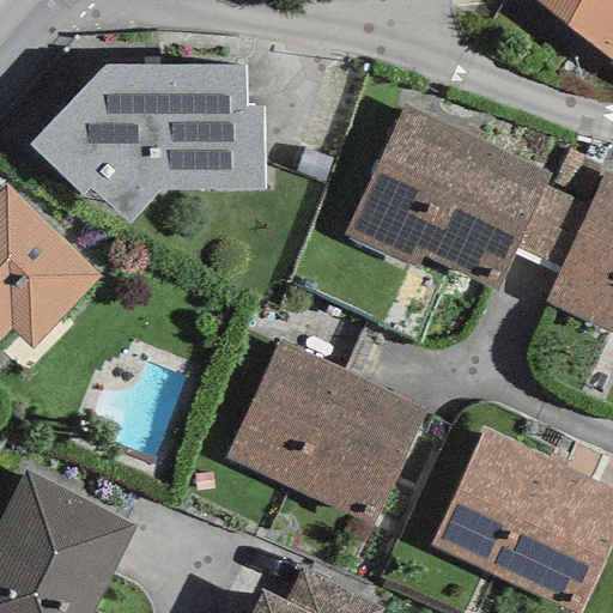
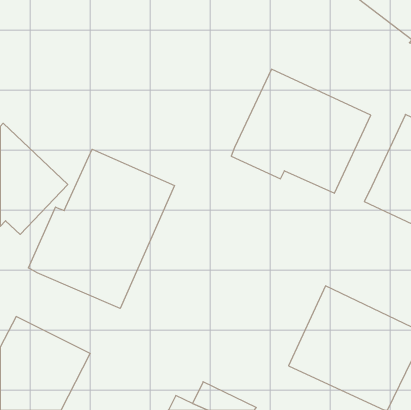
building: [31,62,265,219] -> none
building: none -> [28,149,174,308]
building: [224,342,423,524] -> none

